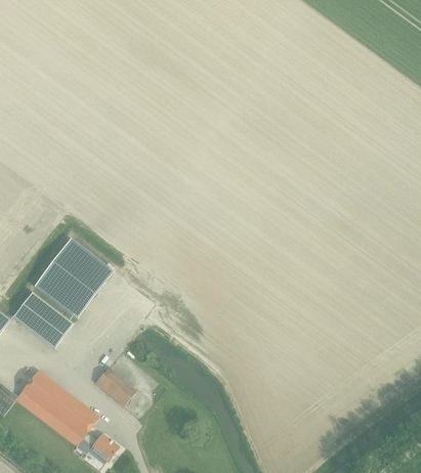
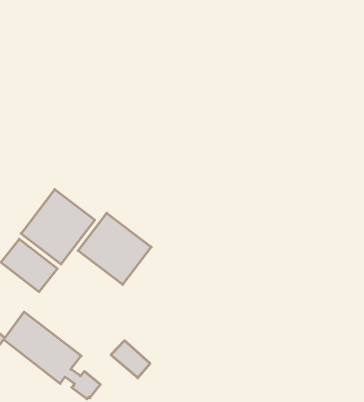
building: none -> [78,213,151,285]
building: [94,366,136,405] -> [111,341,150,378]

